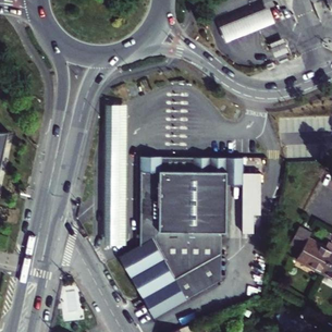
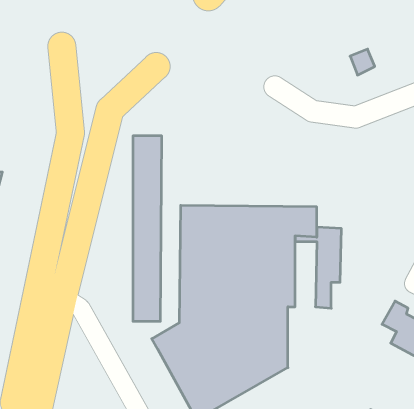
building: [219,11,273,46] -> none

